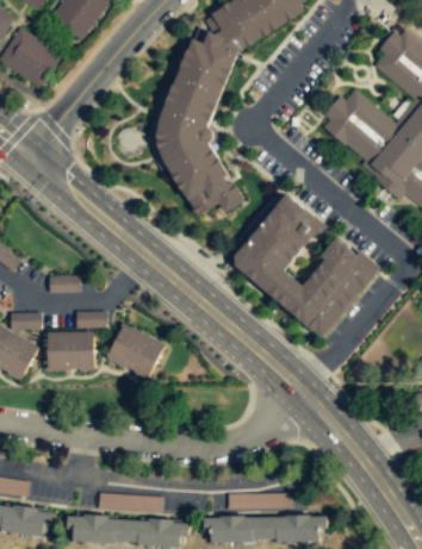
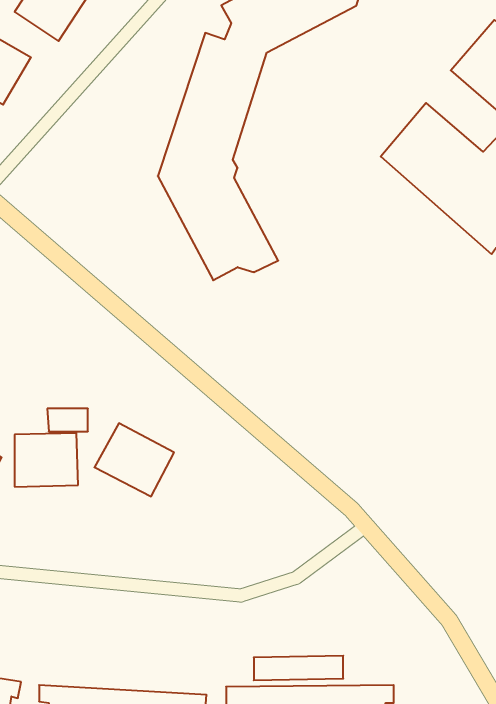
building: [230,195,378,338] -> none
building: [45,276,76,293] -> none
building: [97,494,160,513] -> none

